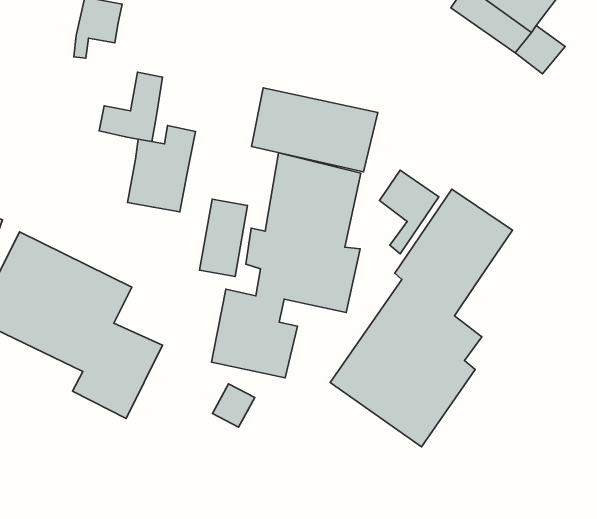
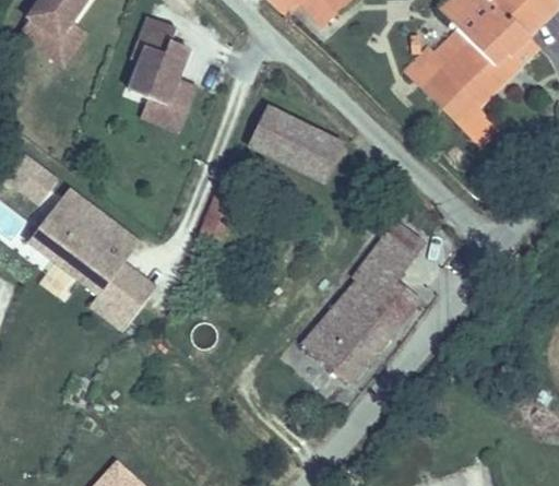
building: [127,125,195,212] -> [130,47,188,111]
building: [211,153,361,378] -> none
building: [380,170,439,254] -> [379,280,423,341]

